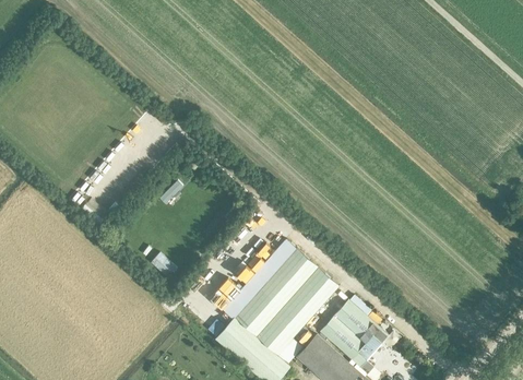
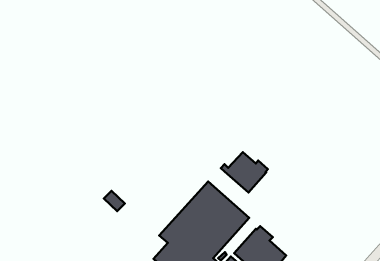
building: none -> [221,152,268,193]

